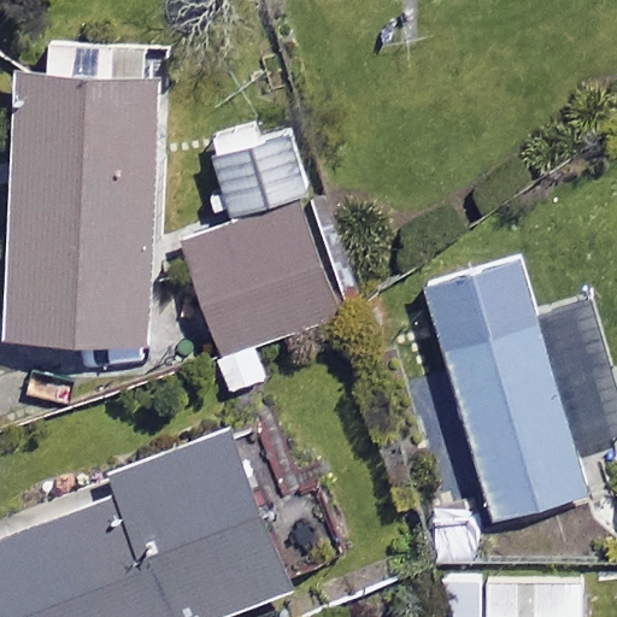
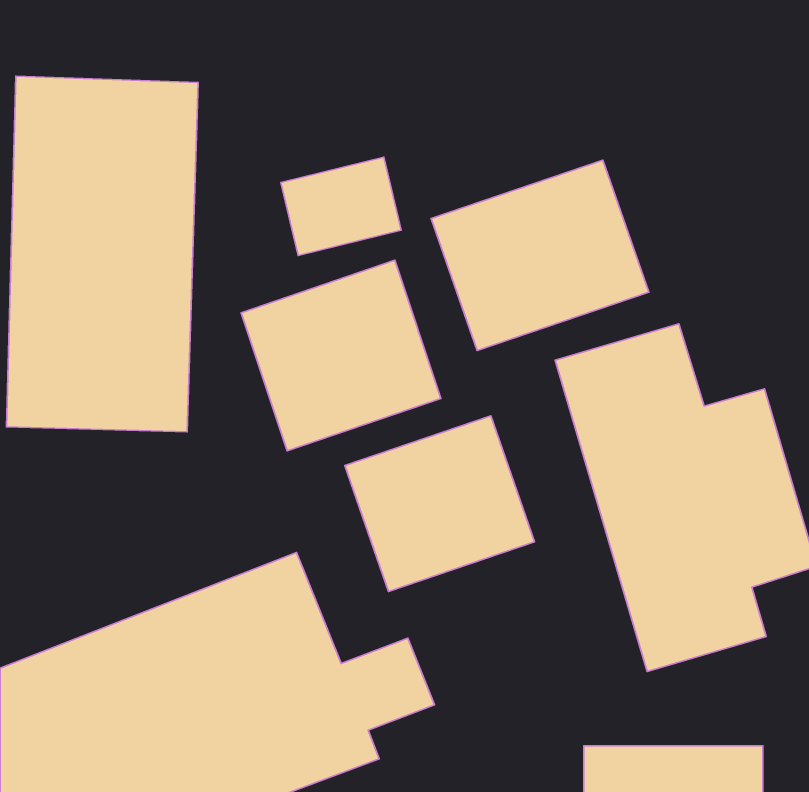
building: none -> [431,160,649,351]
building: none -> [345,416,535,592]

